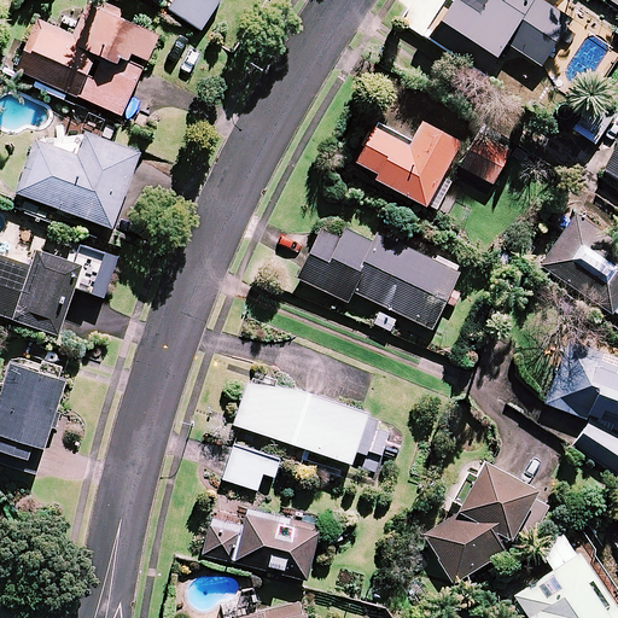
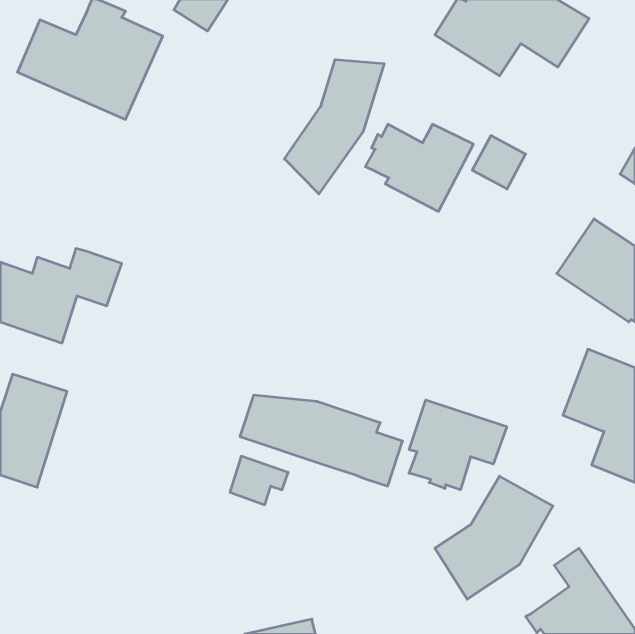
building: none -> [284,60,384,194]
building: [16,132,140,227] -> none
building: [297,216,459,332] -> none
building: none -> [409,400,507,490]
building: [203,507,319,579] -> none

